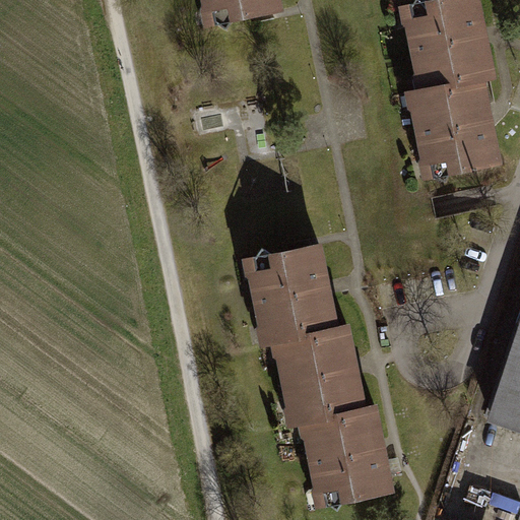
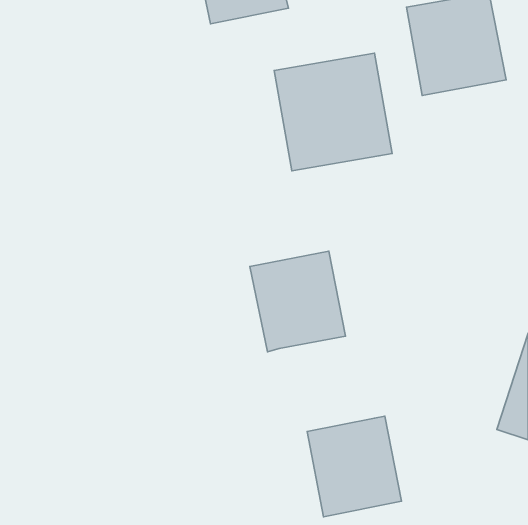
building: none -> [274,53,392,171]
building: [404,80,501,181] -> none
building: [273,326,367,425] -> none

